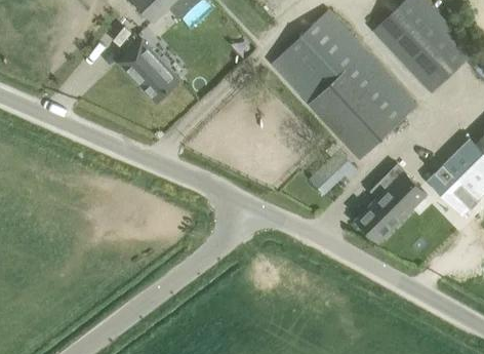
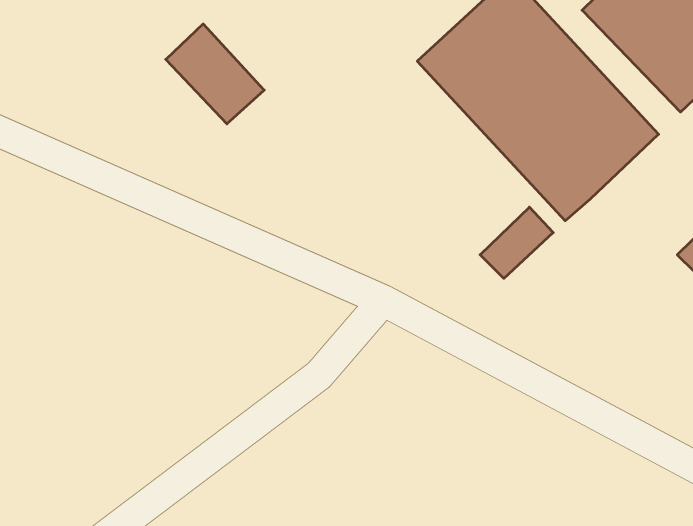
building: [356,163,428,242] -> none

